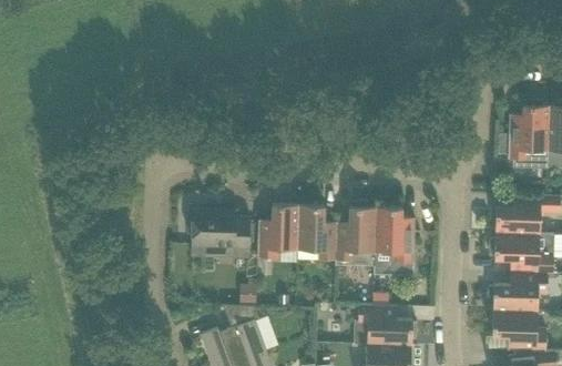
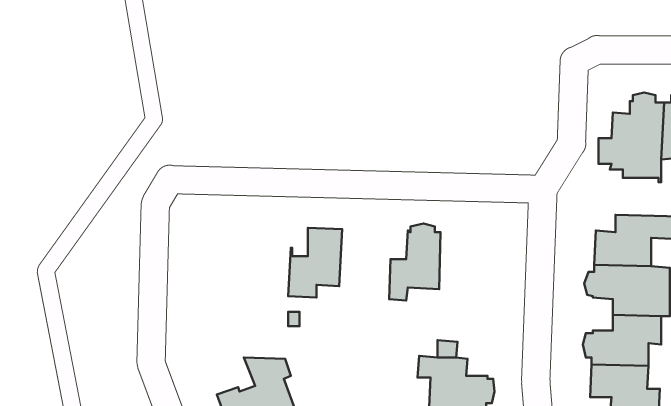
building: [297,207,337,262] -> none
building: [375,210,415,276] -> none
building: [191,211,251,260] -> none

